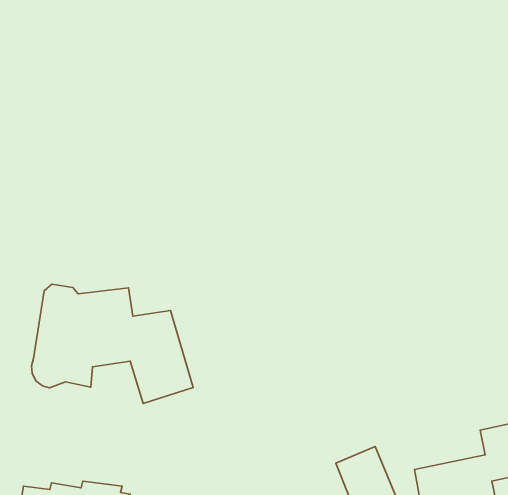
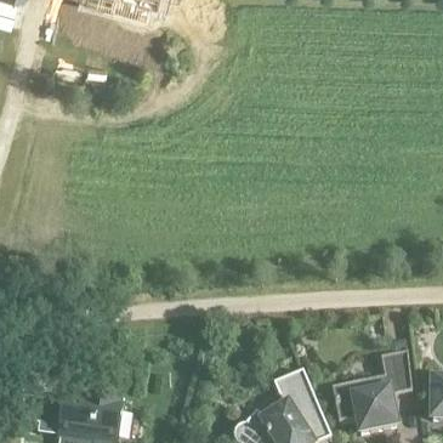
building: [32,284,193,403] -> none

